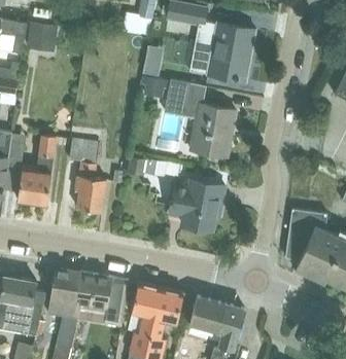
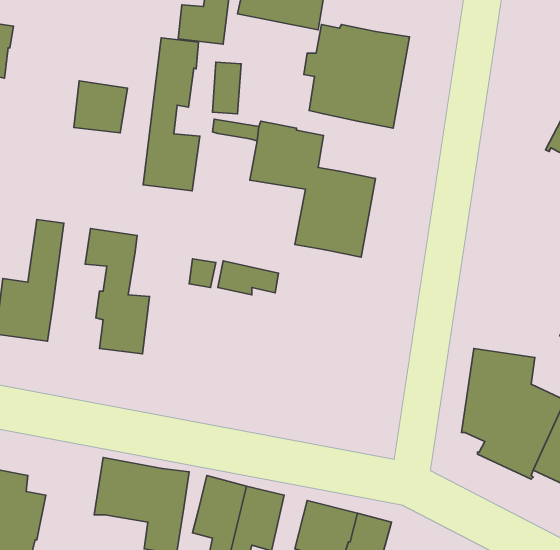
building: [28,22,59,51] -> [74,81,127,133]
building: none -> [143,38,200,191]
building: [170,180,226,230] -> none
building: [48,268,80,320] -> none

